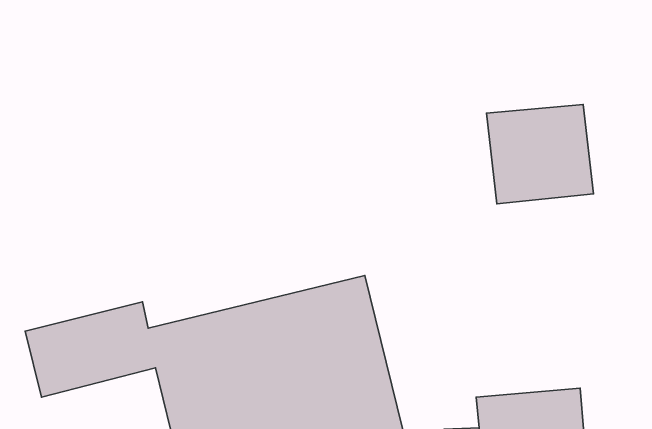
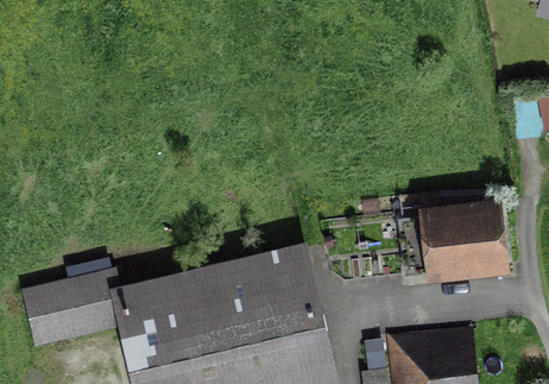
building: [487,104,594,204] -> [419,202,506,283]

